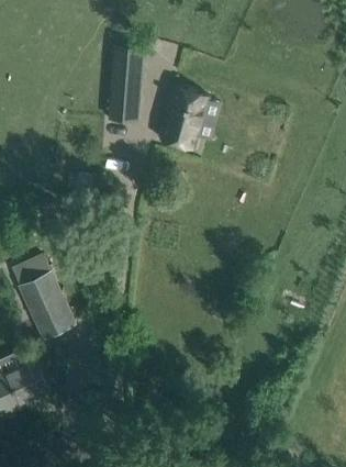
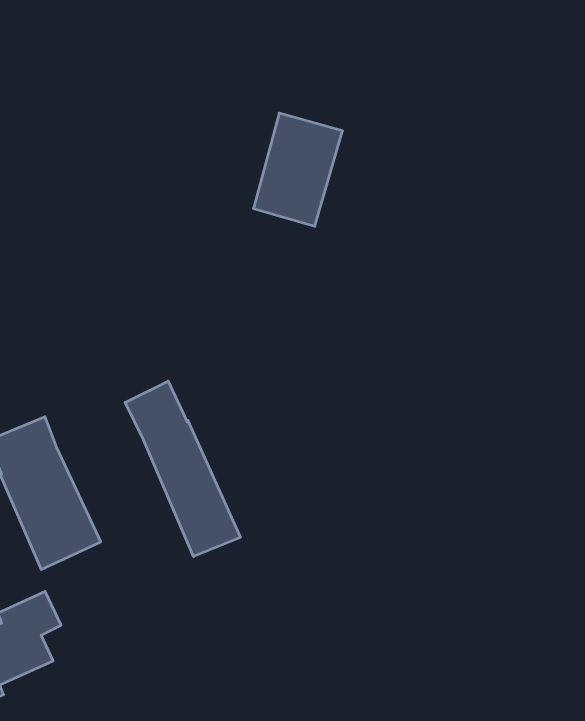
building: [110,46,143,121] -> none
building: none -> [125,381,240,557]

